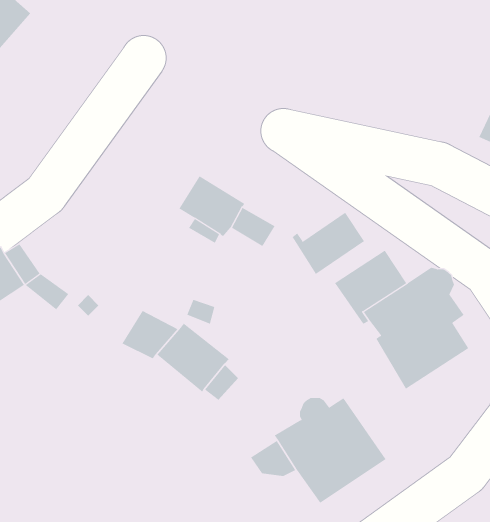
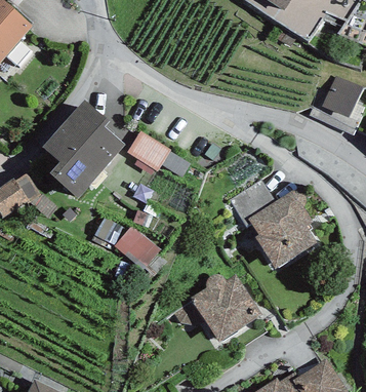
building: none -> [41,100,124,198]
building: [292,212,365,275] -> none

